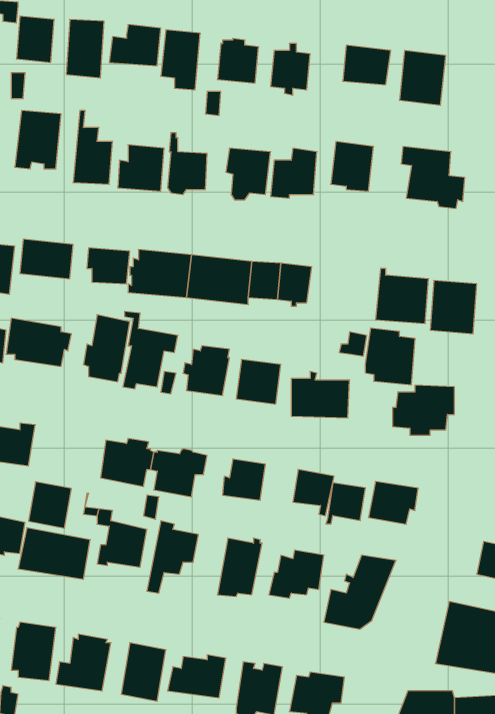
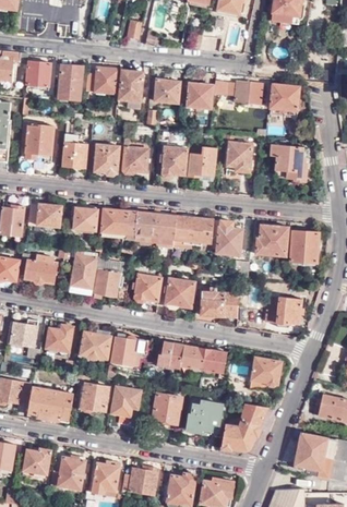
building: [365,328,415,385] -> [211,220,242,256]
building: [29,482,71,528] -> [46,323,73,352]
building: [326,483,365,524] -> [180,346,205,372]

